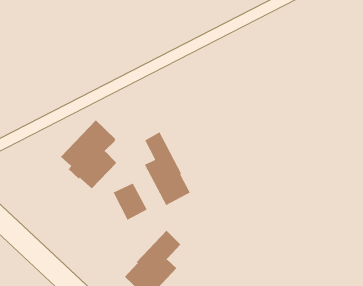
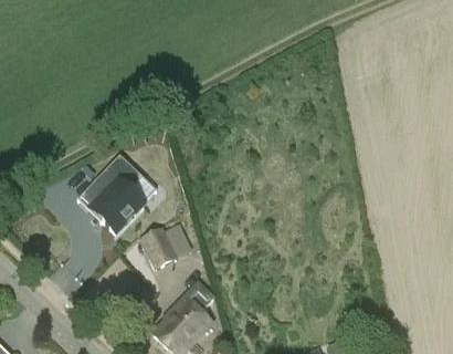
building: [144,131,191,206] -> none

